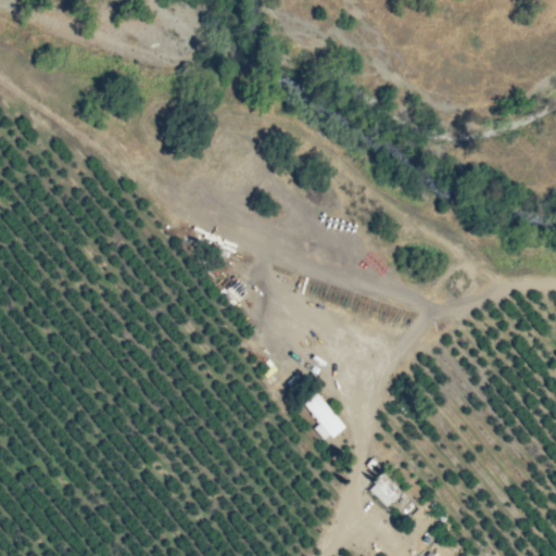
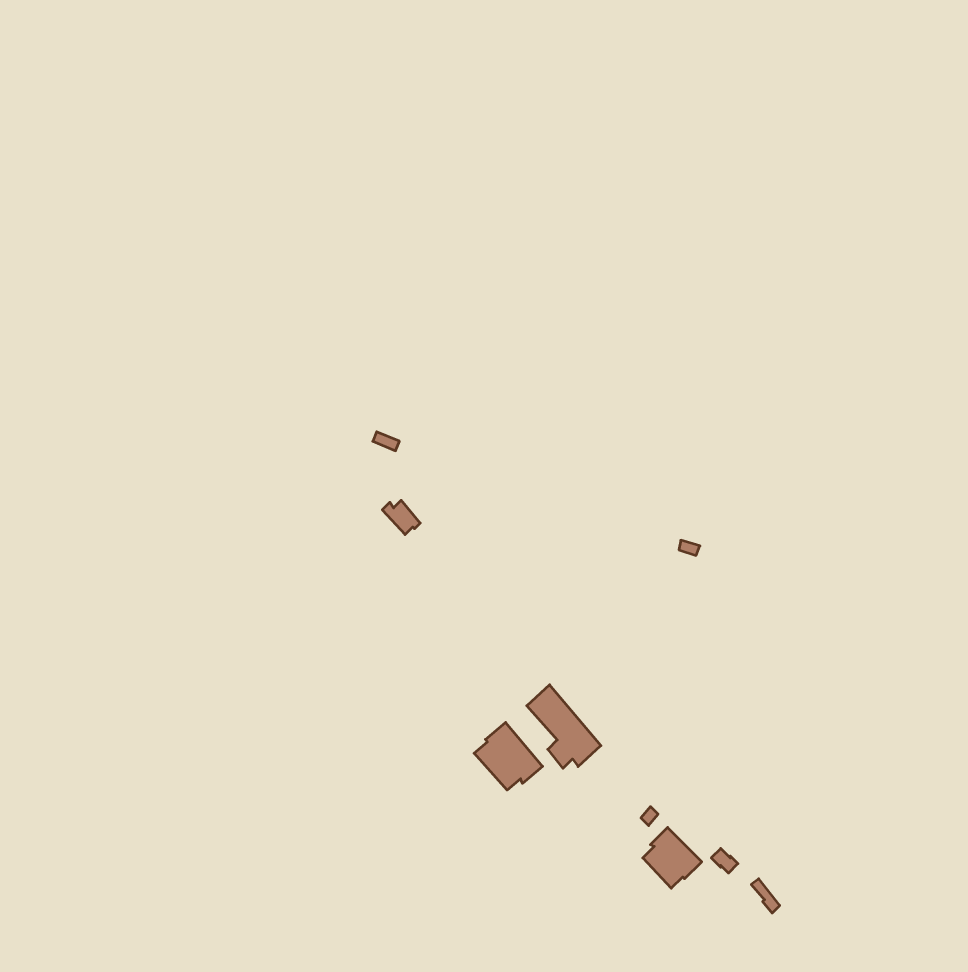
building: none -> [474,722,543,790]

